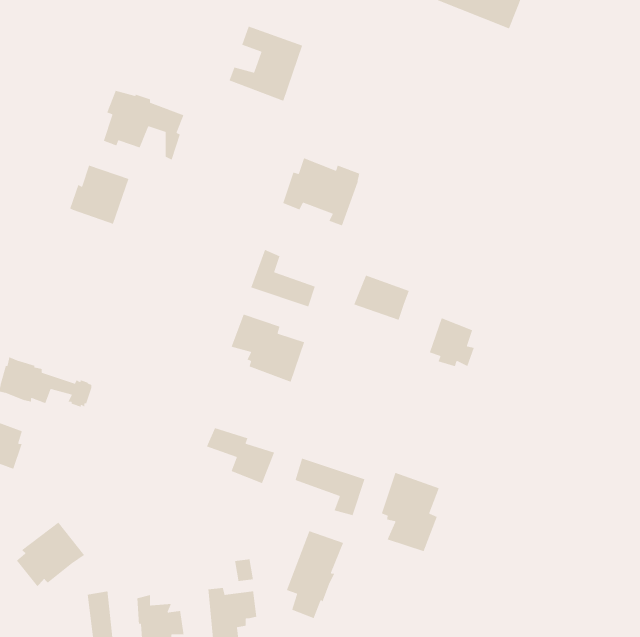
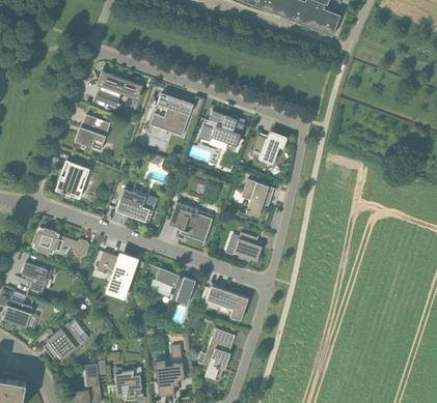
building: [229,26,303,102] -> [149,92,193,137]
building: none -> [250,133,285,164]
building: none -> [56,161,89,199]
building: [250,249,316,307] -> [115,189,154,223]
building: [429,317,475,367] -> [234,232,261,261]
building: none -> [97,252,137,297]
building: [381,472,440,552] -> none

